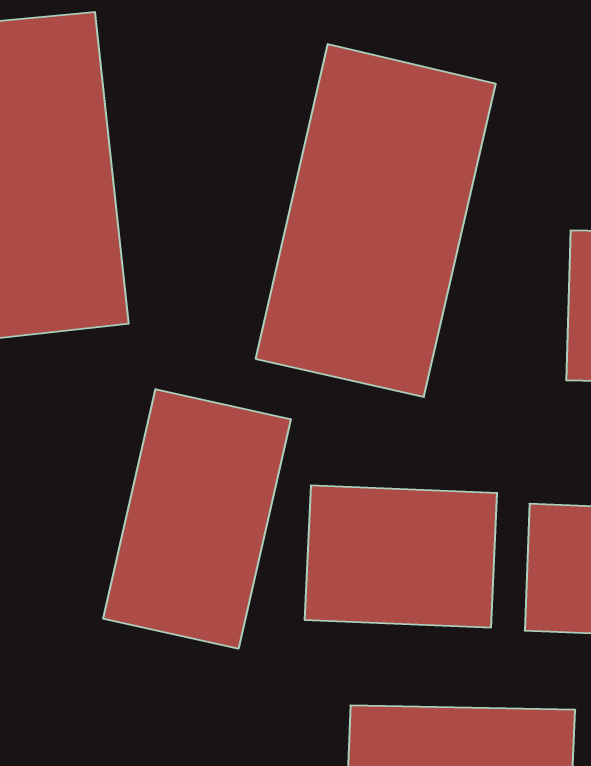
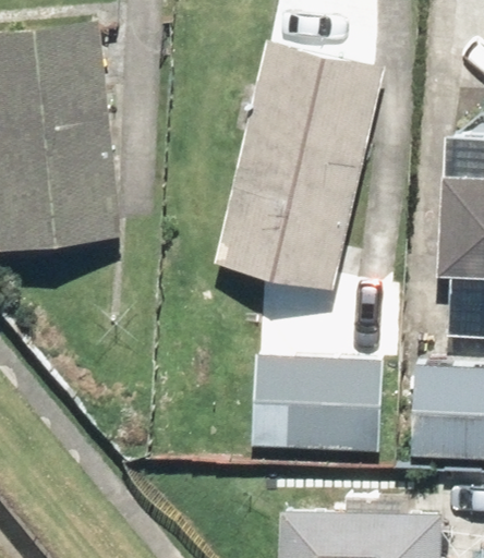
building: [103,389,291,649] -> none

